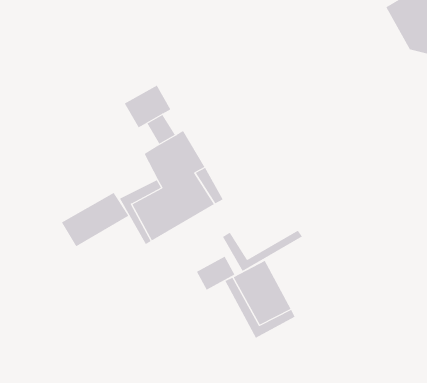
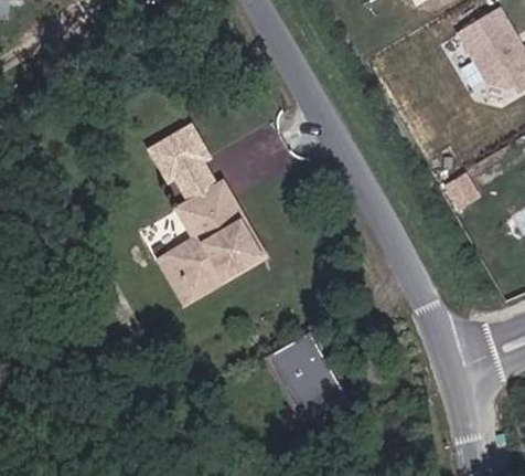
building: [61,192,129,247] -> none
building: [222,230,303,272] -> none
building: [196,256,235,290] -> none

